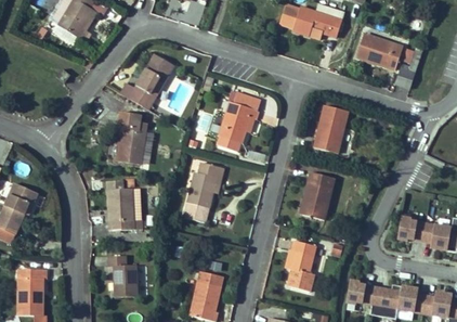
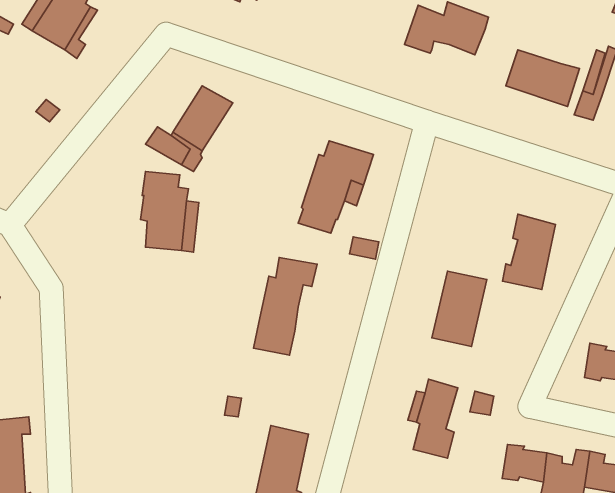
building: [313,104,347,152] -> [502,214,556,290]
building: [107,183,134,231] -> none
building: [110,249,139,292] -> none

